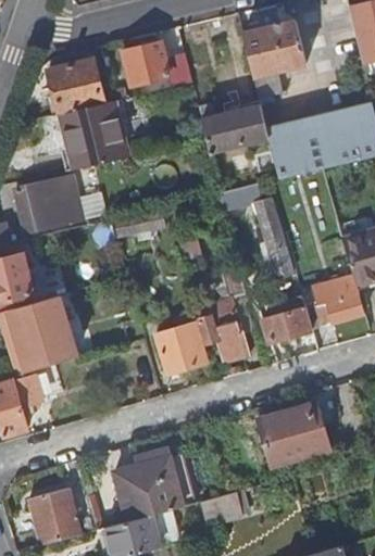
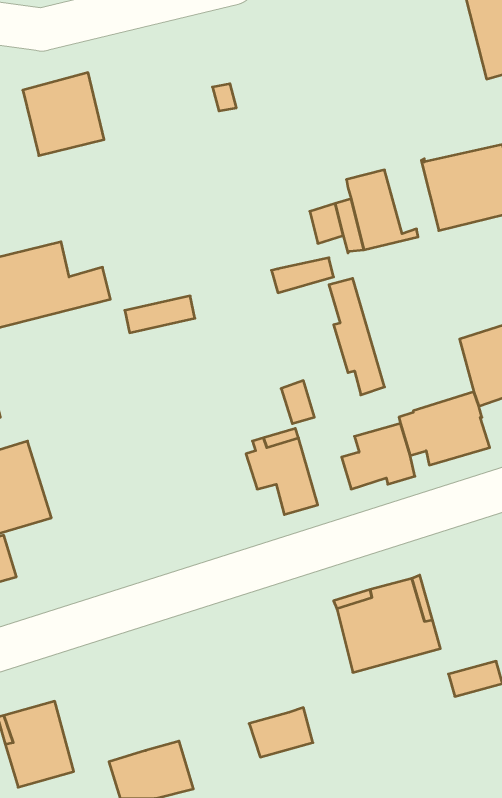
building: [242,20,307,97] -> none
building: [122,42,167,84] -> none
building: [58,100,127,168] -> none
building: [201,104,268,151] -> none
building: [293,117,330,169] -> none
building: [155,324,208,374] -> none
building: [116,451,198,519] -> none

